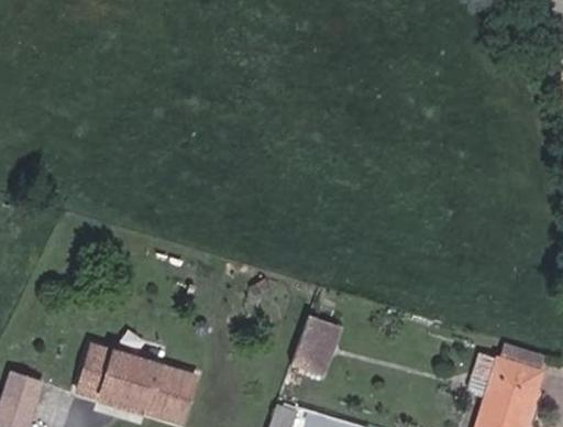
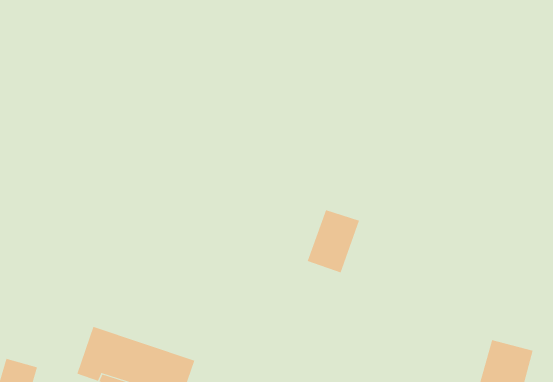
building: [289,313,342,376] -> [307,209,360,273]

